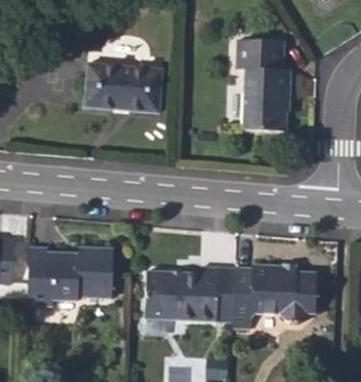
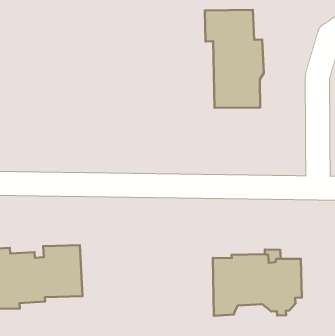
building: [83,63,164,112] -> none
building: [145,269,218,321] -> none

